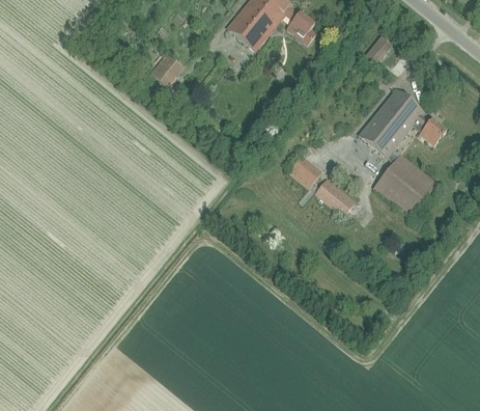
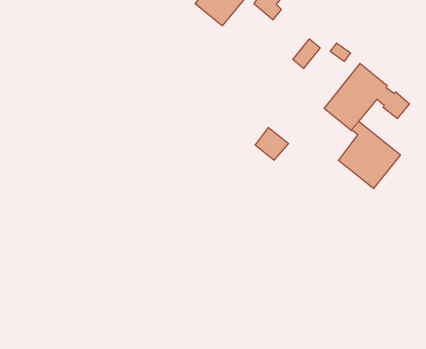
building: [364,35,392,65] -> [293,39,320,68]
building: [151,52,183,85] -> none
building: [314,176,356,215] -> none

